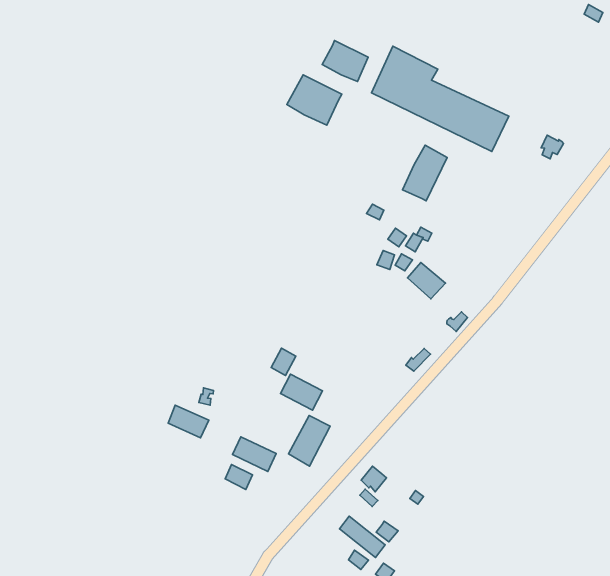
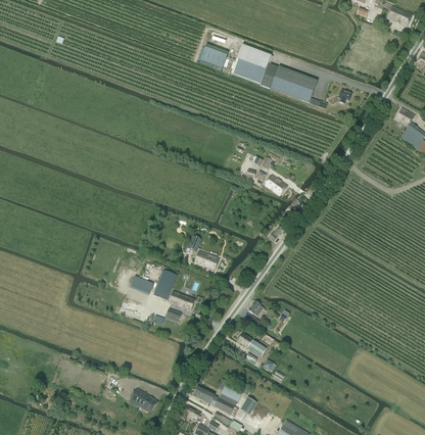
building: [287,75,342,125] -> none
building: [403,145,447,201] -> none
building: [289,416,330,466] -> [153,270,177,300]

